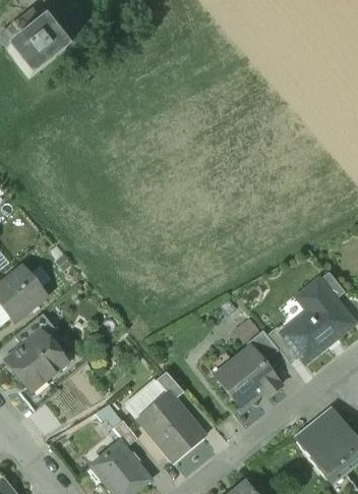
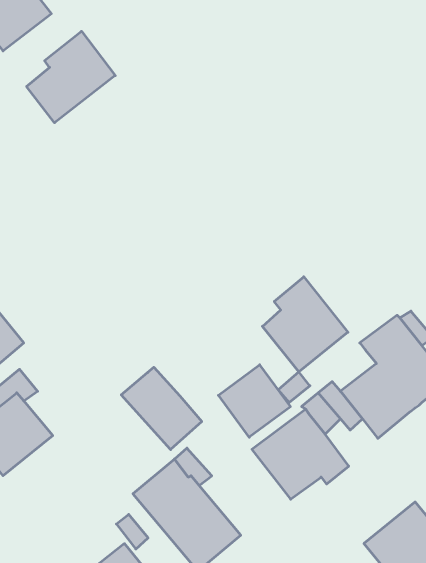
building: none -> [27,31,115,123]
building: none -> [262,277,348,372]
building: none -> [218,365,290,437]
building: none -> [121,367,202,450]

